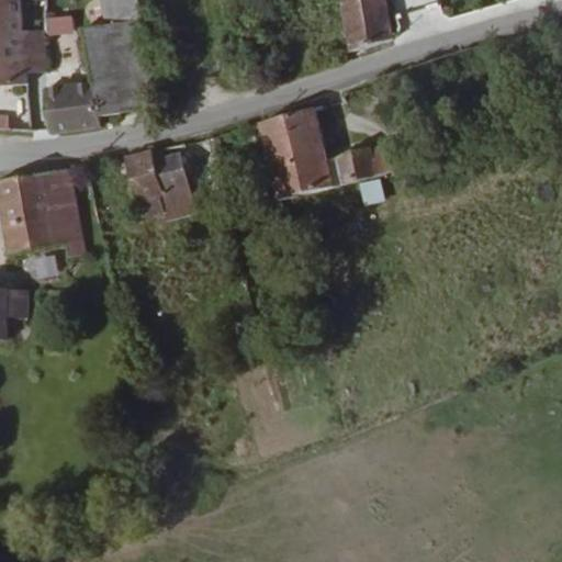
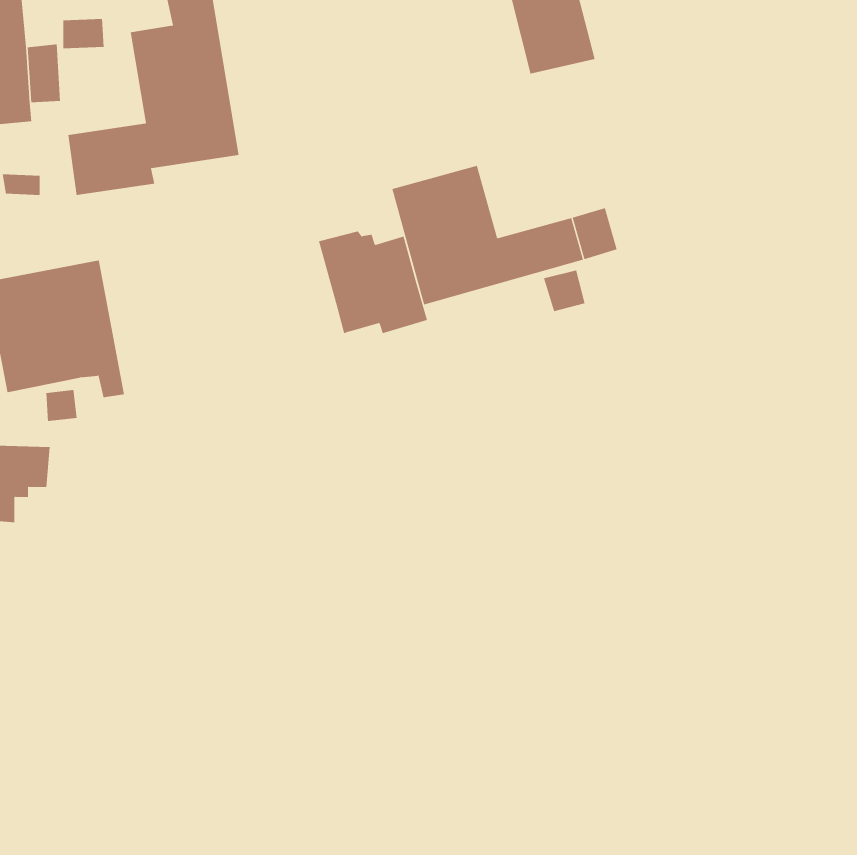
building: [134,149,205,216] -> [318,231,428,334]

